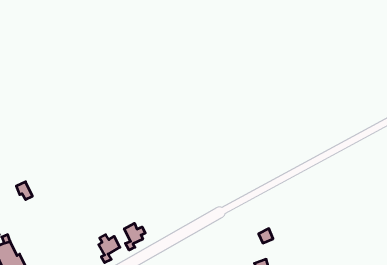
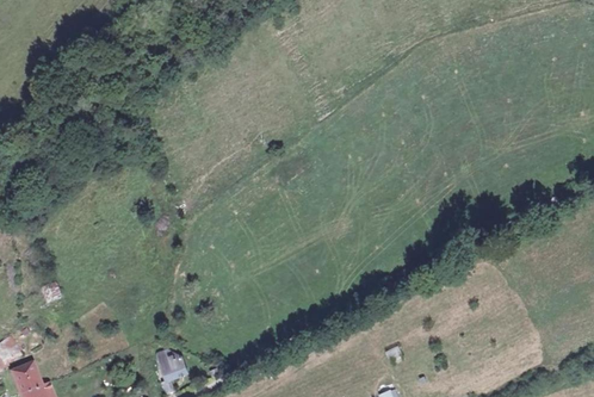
building: [124,223,145,250] -> none

